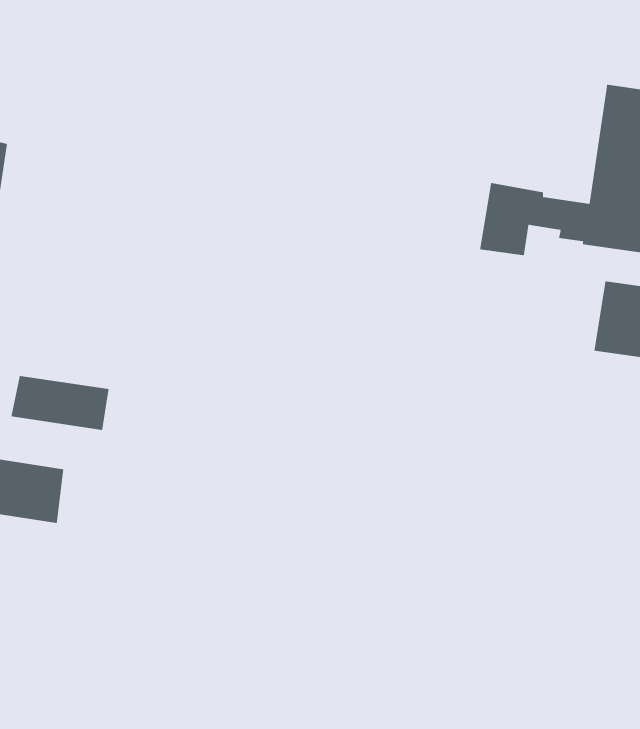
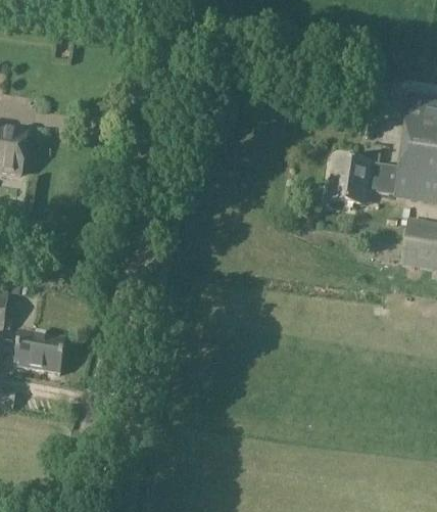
building: [10,375,110,431] -> none

